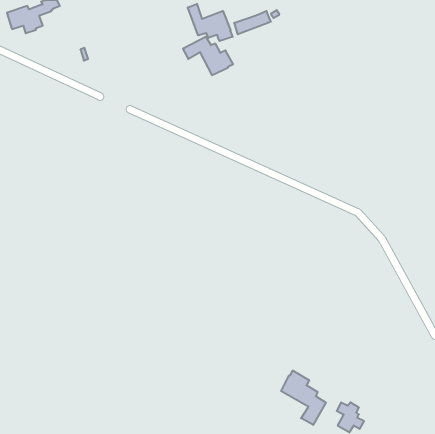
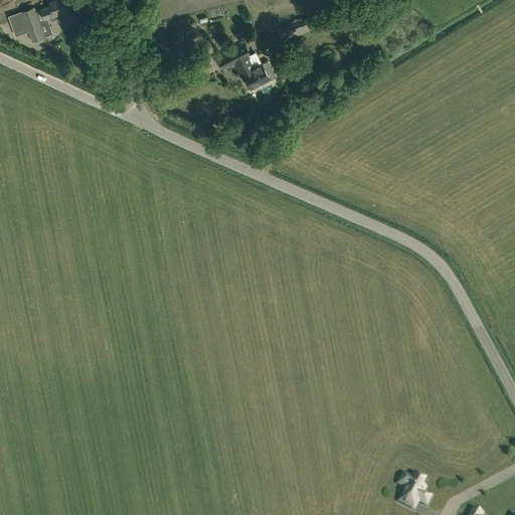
building: [188,4,233,41] -> none
building: [281,370,326,425] -> none

